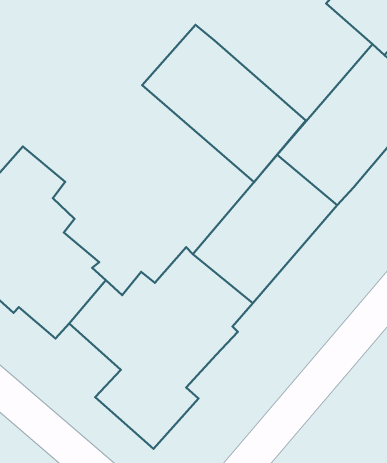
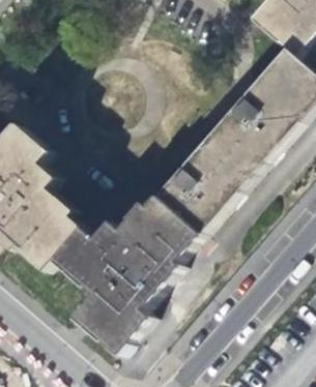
building: [142,25,306,182] -> none

